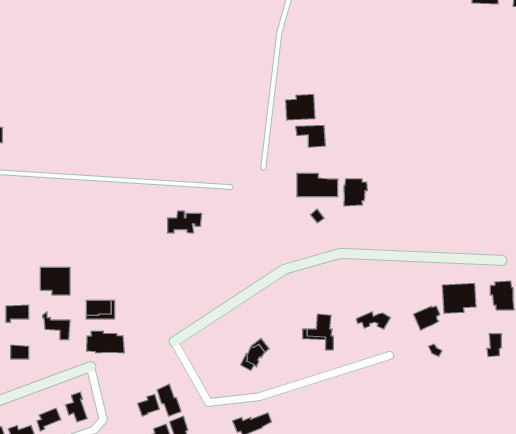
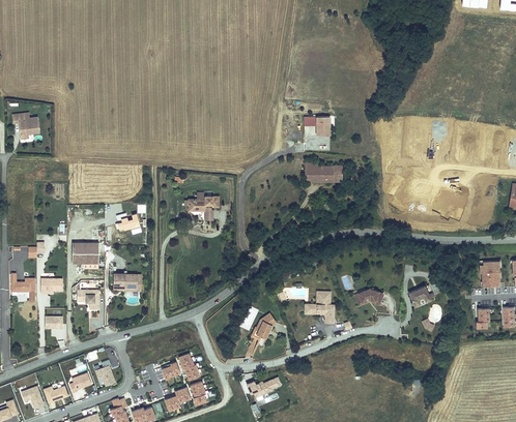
building: [286,94,315,120] -> none
building: [344,179,367,206] -> none
building: [443,283,476,314] -> none
building: [87,331,124,353] -> none

